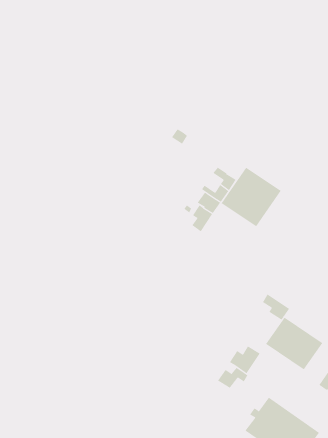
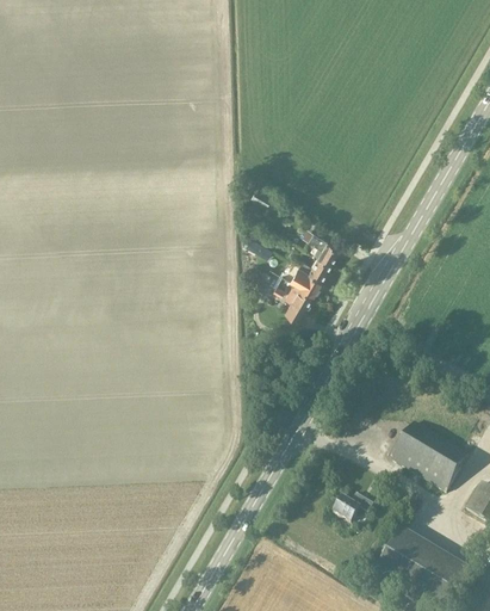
building: [221,167,282,227] -> none
building: [262,293,290,321] -> none
building: [229,346,261,374] -> none

